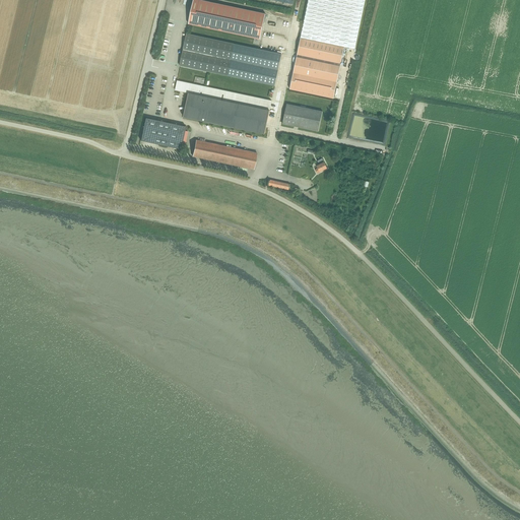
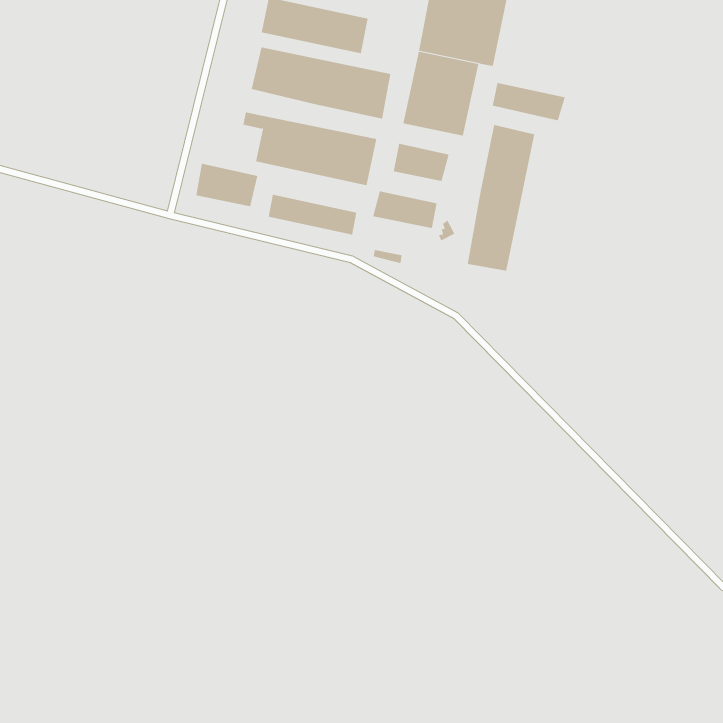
building: none -> [492,82,565,121]
building: none -> [467,124,535,271]
building: none -> [373,191,437,229]

